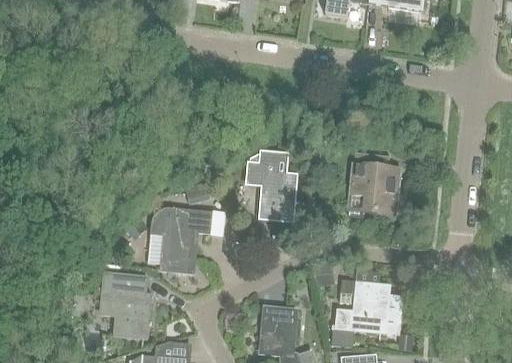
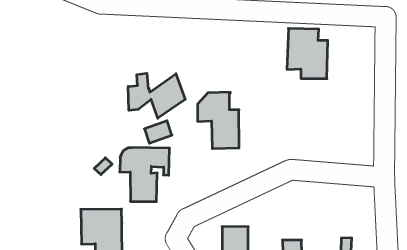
building: none -> [128,73,185,118]
building: [349,151,399,213] -> [287,28,328,79]
building: [337,280,399,332] -> none

